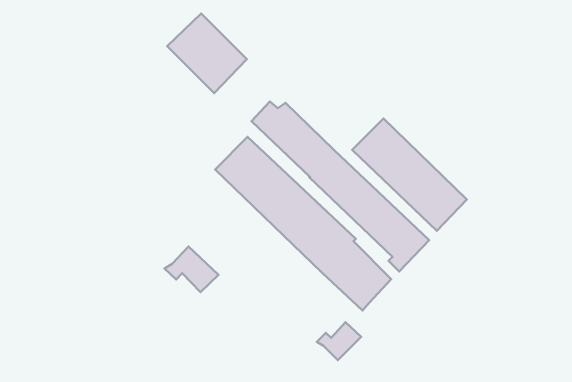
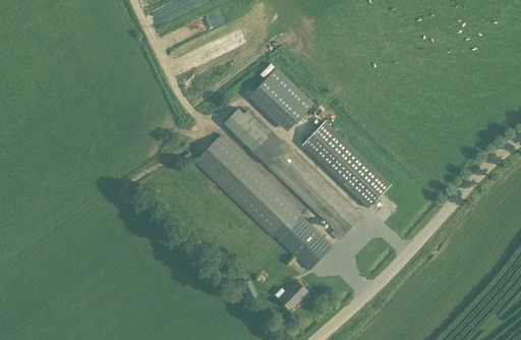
building: [167,13,247,93] -> [249,68,311,130]
building: [164,246,219,292] -> none

